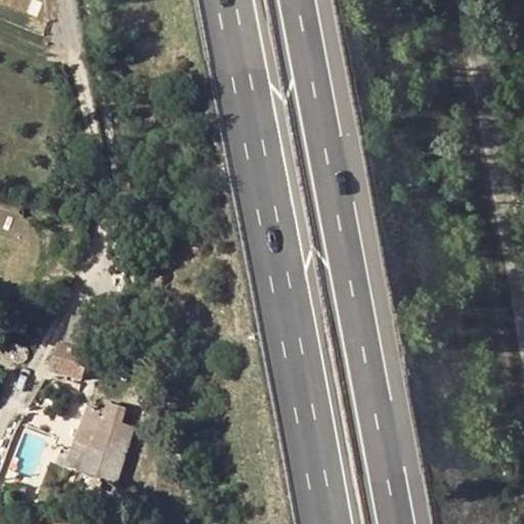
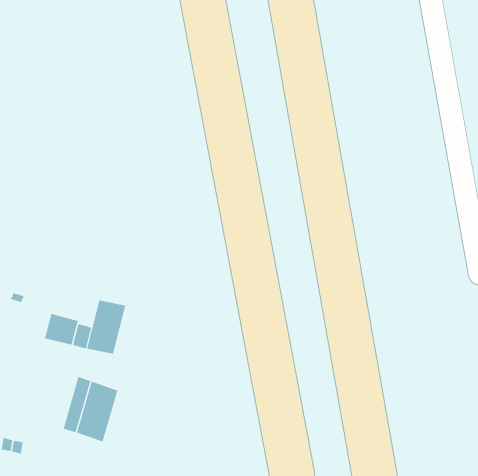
building: none -> [86,300,126,355]

